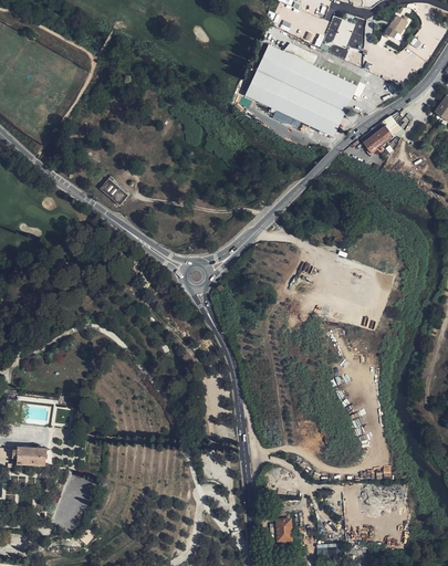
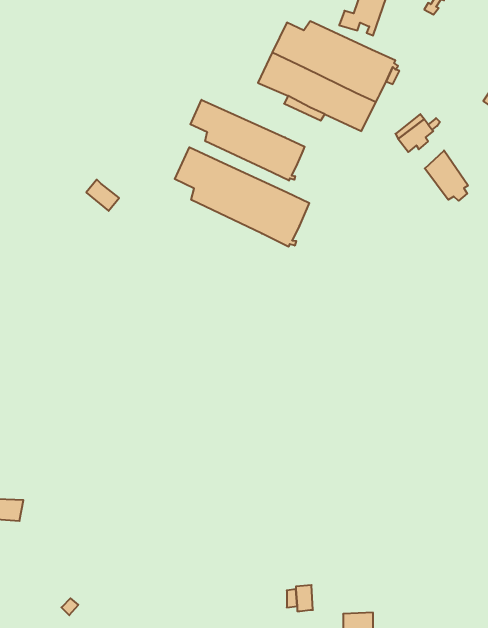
building: none -> [190,100,305,181]
building: none -> [175,147,309,247]
building: none -> [425,150,468,201]

